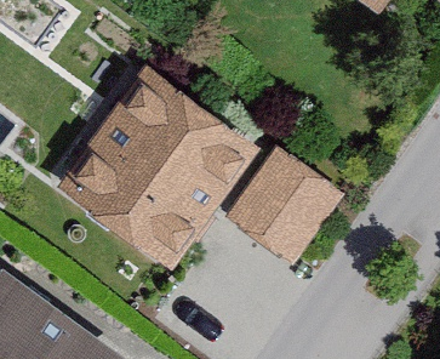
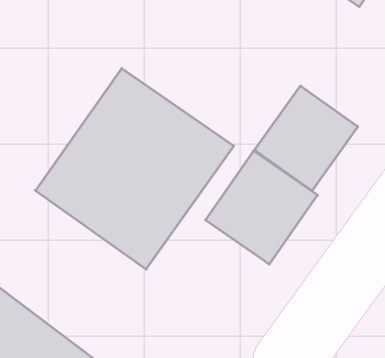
building: none -> [255,86,358,191]

